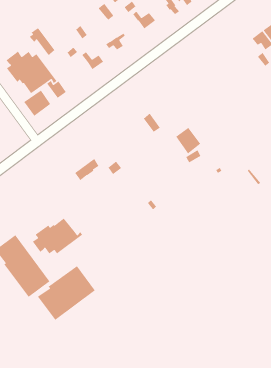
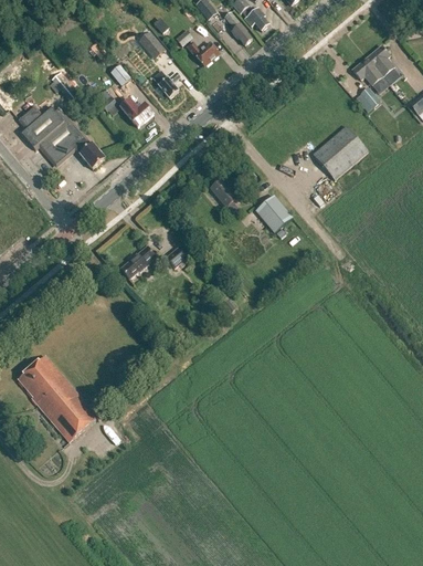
building: none -> [313,126,368,179]
building: [23,89,51,117] -> none
building: [32,218,83,254] -> none
building: [37,265,96,321] -> none

